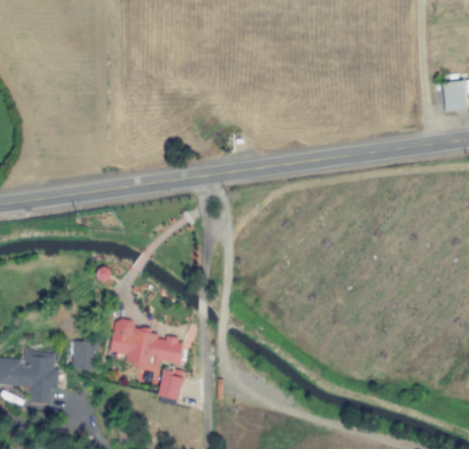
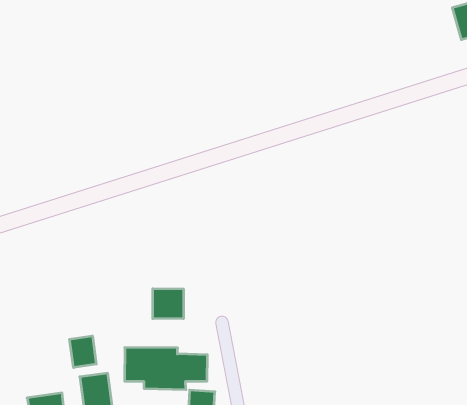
building: none -> [153,289,183,319]
building: none -> [70,336,96,368]

